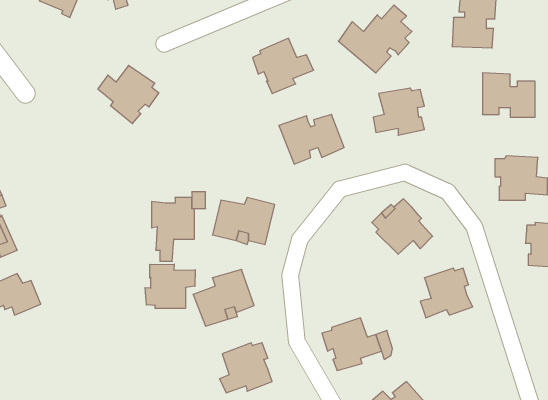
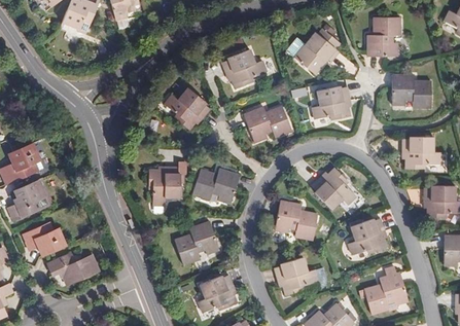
building: [98,65,159,124] -> [163,86,208,130]
building: none -> [274,201,317,240]
building: [145,264,195,308] -> none
building: none -> [44,255,95,285]
building: none -> [362,269,406,312]

